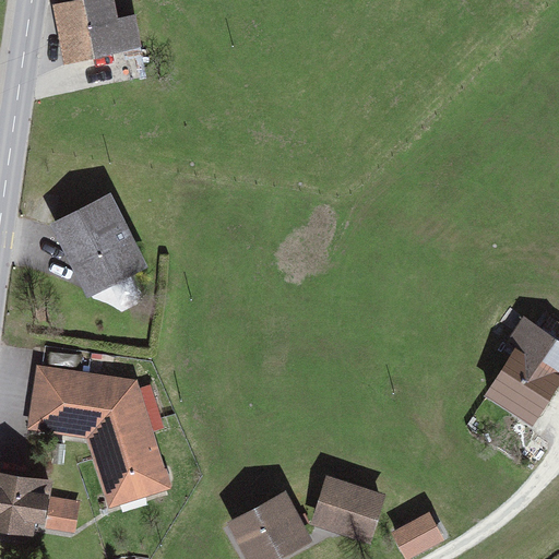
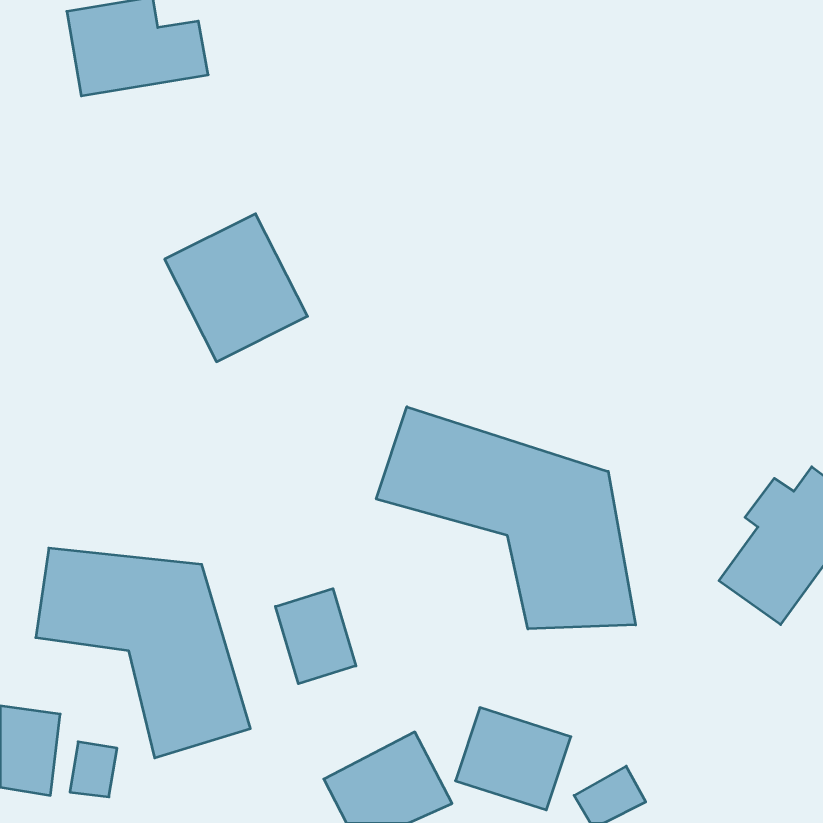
building: [46,192,142,292] -> [165,214,308,362]
building: none -> [376,407,636,629]
building: none -> [275,589,356,684]

